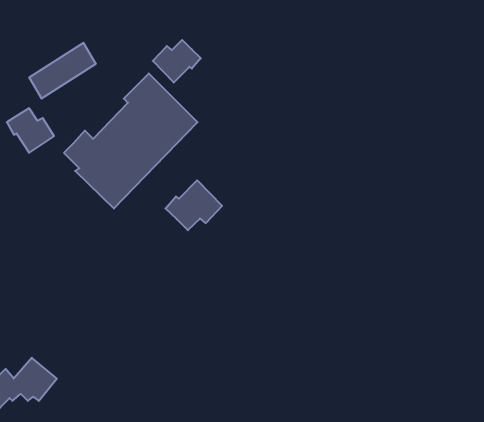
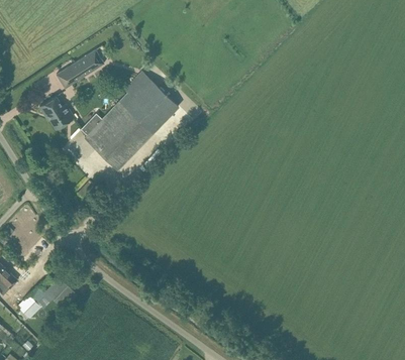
building: [153,40,201,83] -> none
building: [165,180,222,230] -> none

